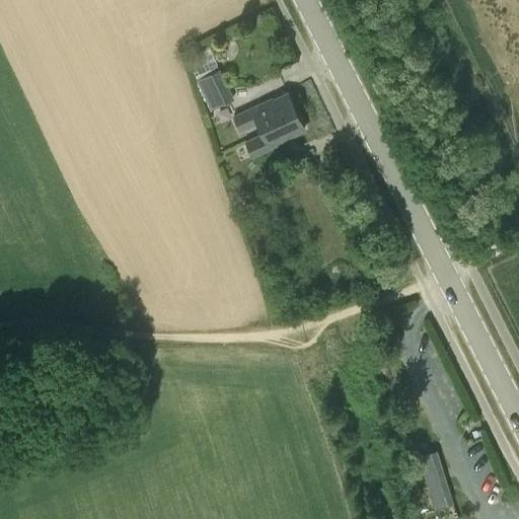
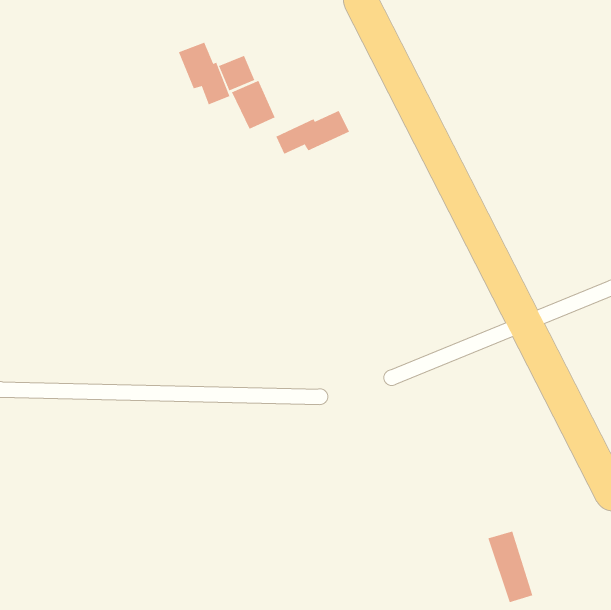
building: none -> [178,42,230,105]
building: [246,114,305,158] -> none

